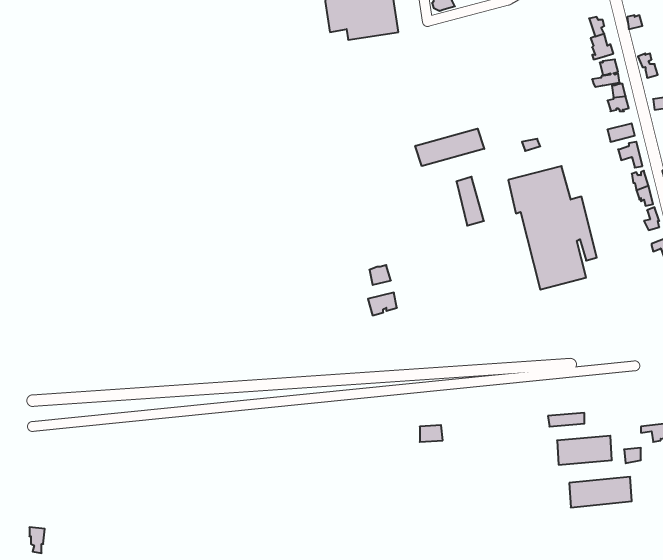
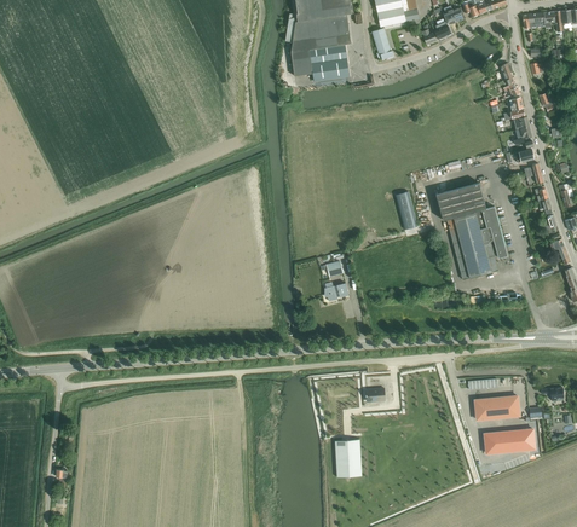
building: [415,129,484,166] -> none
building: none -> [335,440,362,477]

